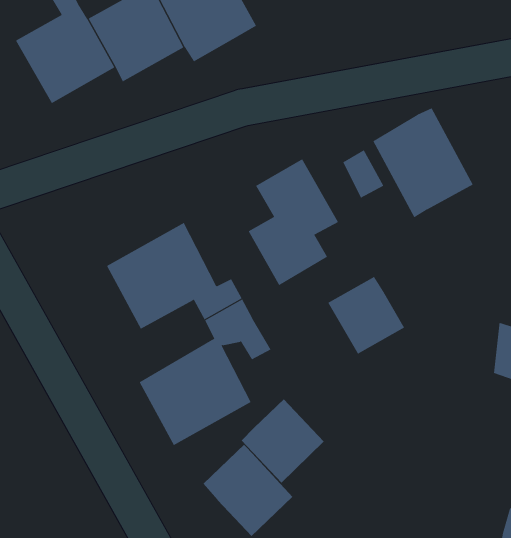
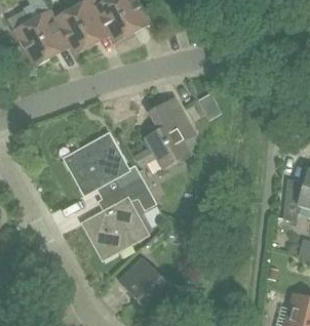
building: [372,108,474,218] -> none
building: [327,276,405,355] -> none
building: [241,399,324,483] -> none

